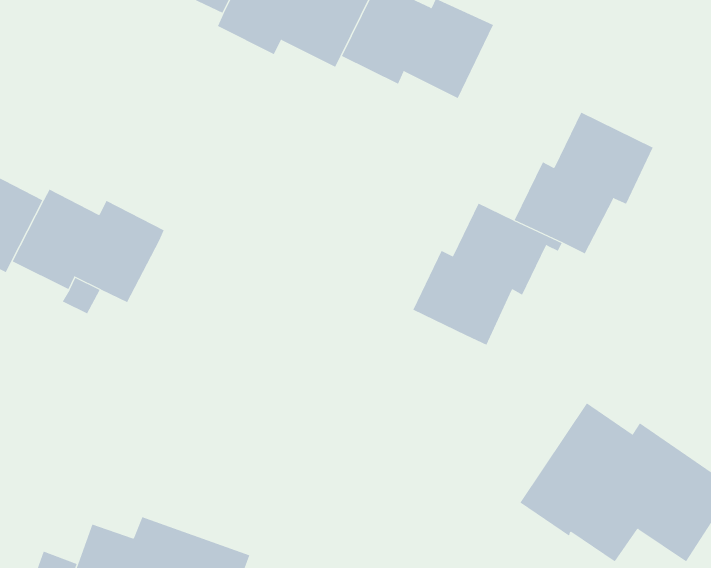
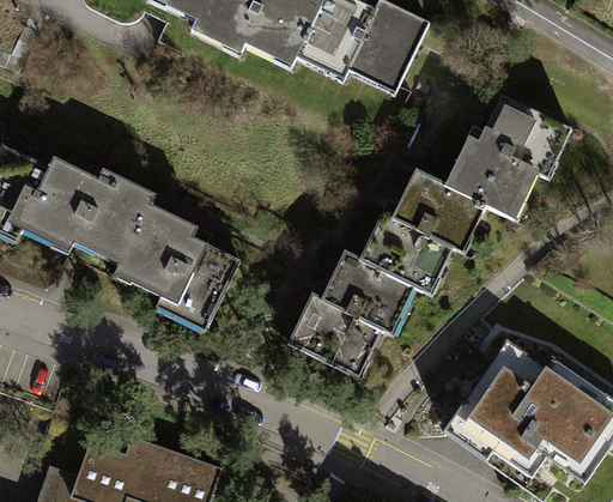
building: none -> [116,205,237,325]
building: none -> [289,255,403,375]

